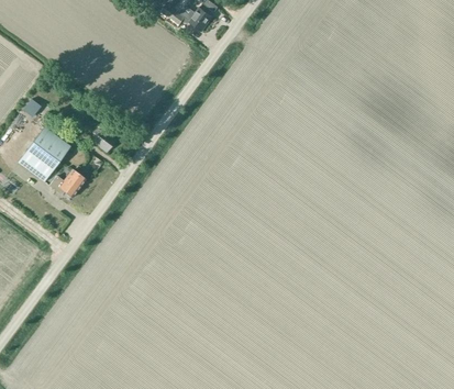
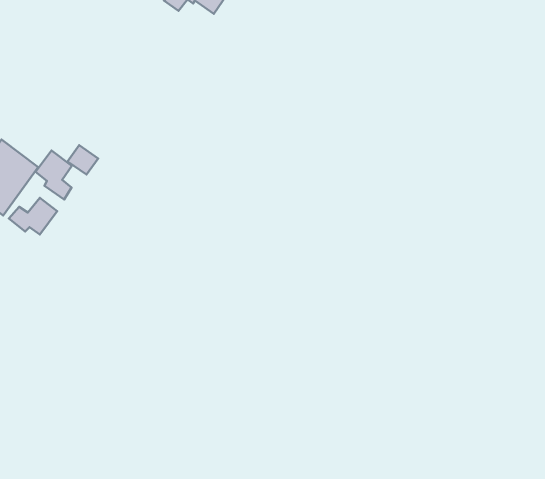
building: none -> [35,150,72,200]

